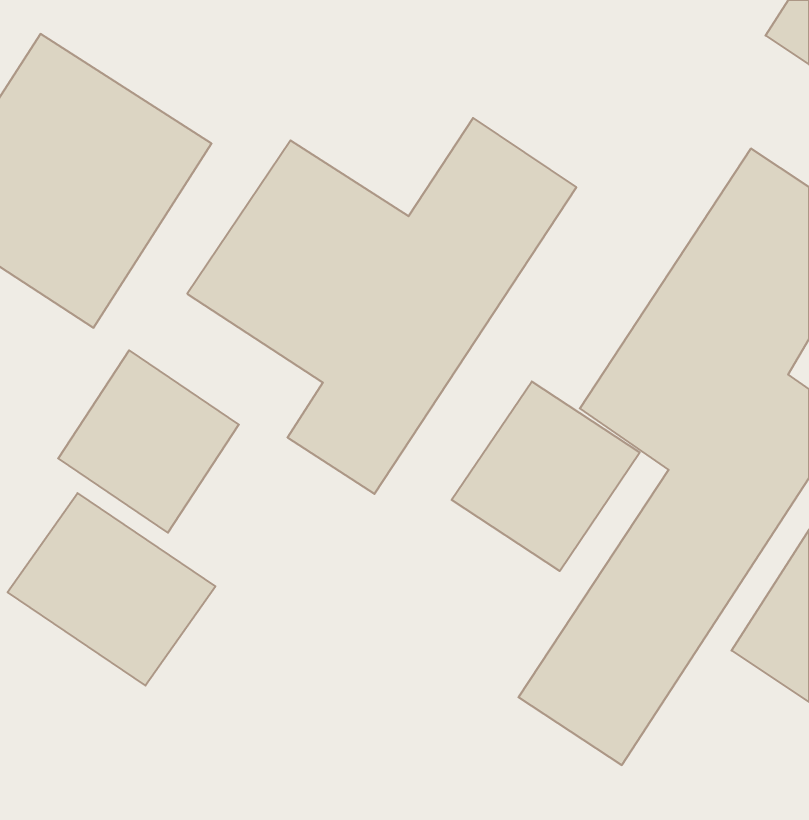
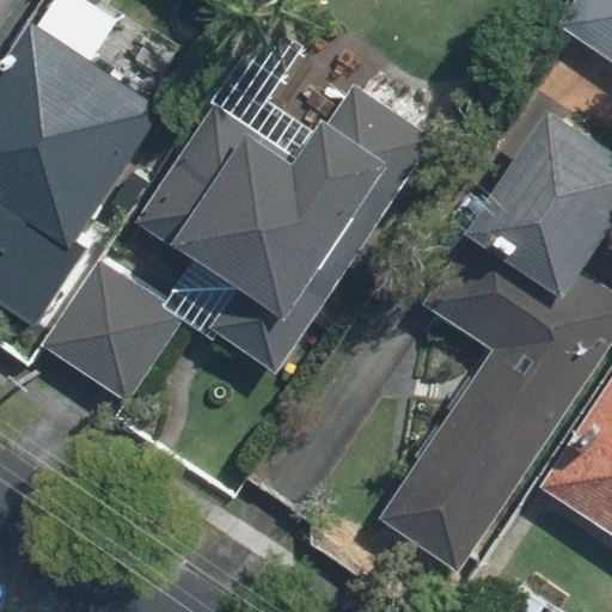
building: [452,381,640,571] -> none
building: [8,493,215,686] -> none

